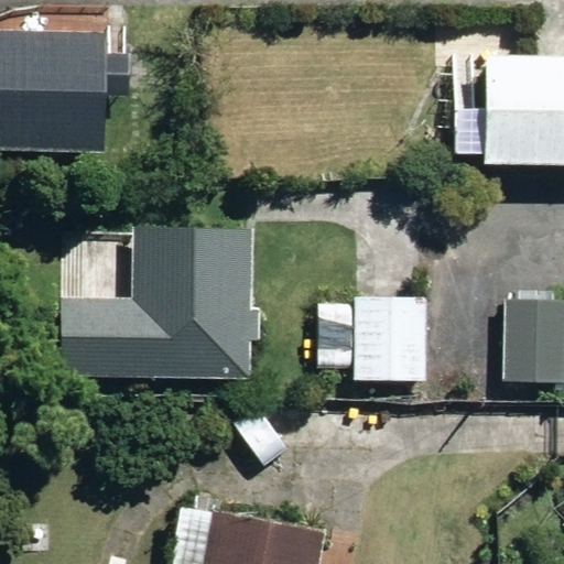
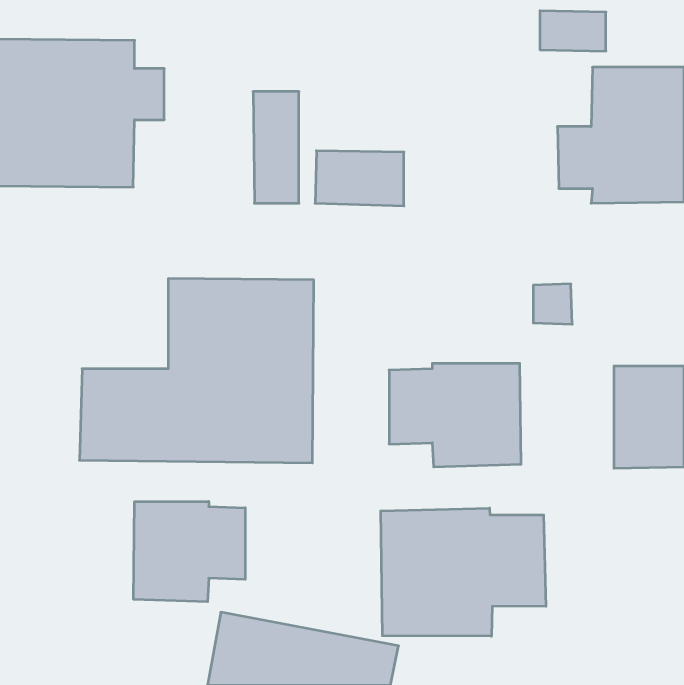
building: none -> [134,501,245,602]
building: none -> [381,508,546,636]

